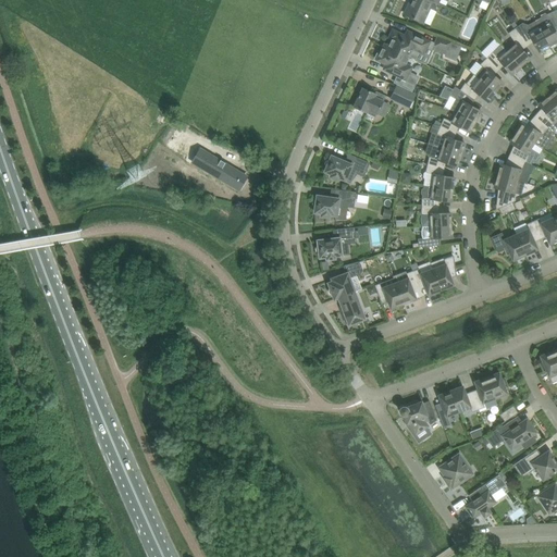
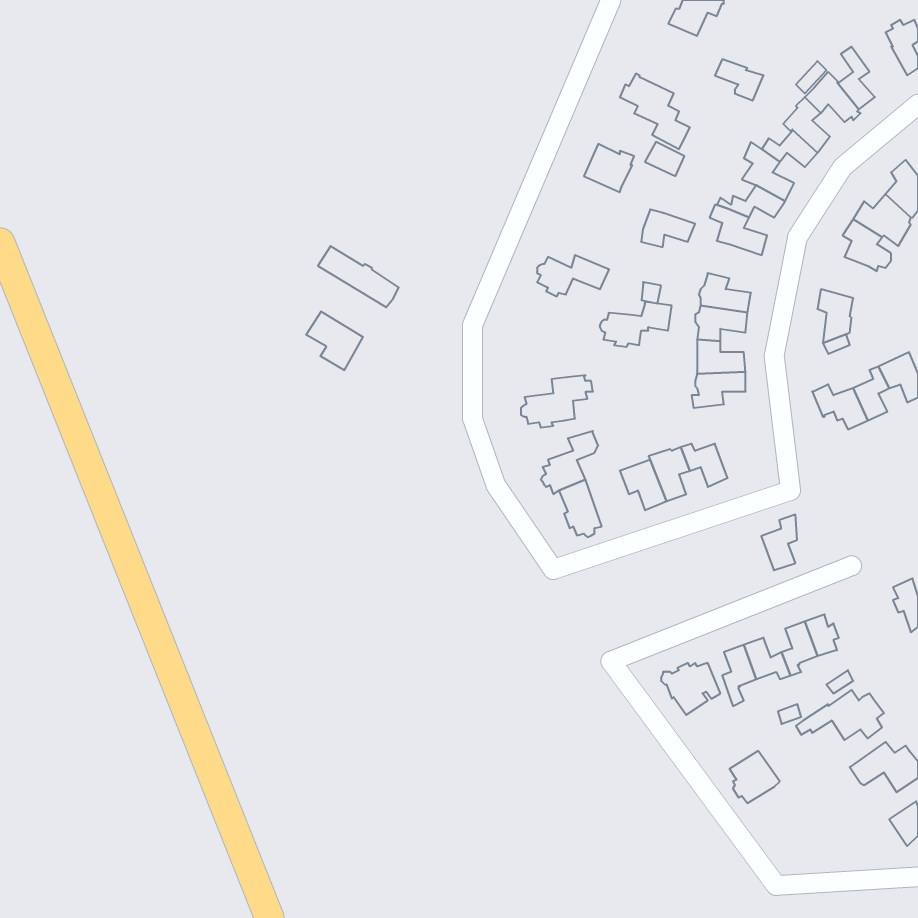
building: [516,20,549,52] -> none
building: [387,29,431,59] -> none
building: [429,146,461,169] -> [641,209,695,247]
building: [497,156,534,183] -> none
building: none -> [306,311,363,370]
building: [312,189,356,216] -> [600,302,672,347]
building: [433,256,455,289] -> [761,515,797,570]
building: [467,475,504,517] -> none

